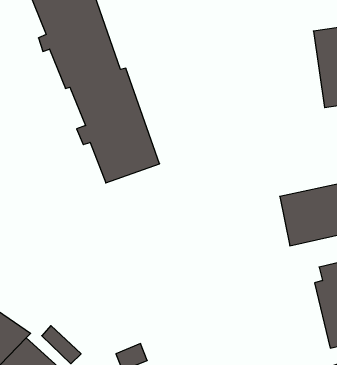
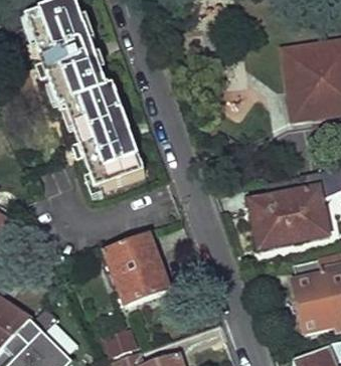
building: none -> [105,234,169,304]

